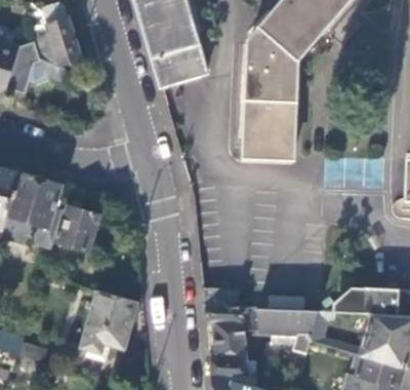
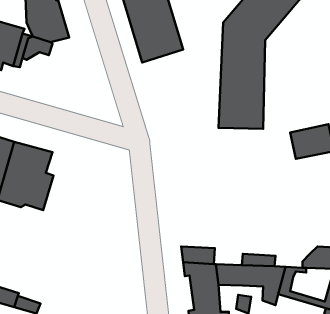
building: [57,206,100,254] -> none
building: [80,291,138,356] -> none

